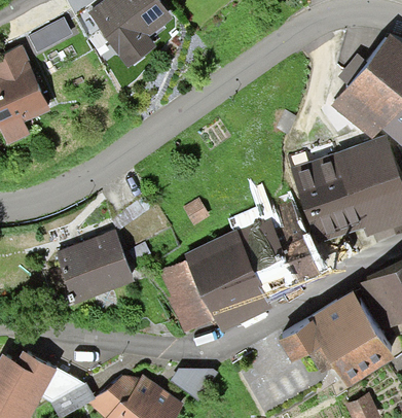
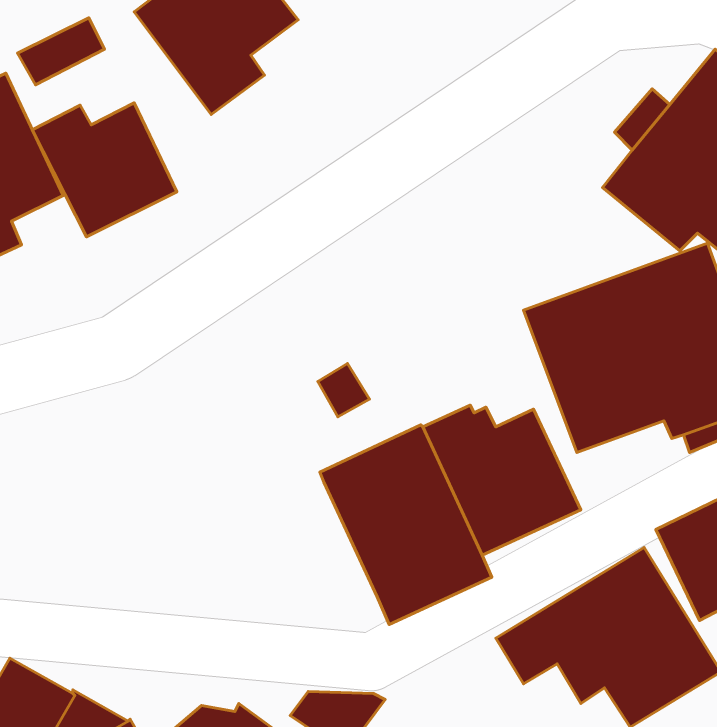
building: none -> [32,103,177,237]
building: [54,231,135,303] -> none
building: [159,258,215,333] -> none

